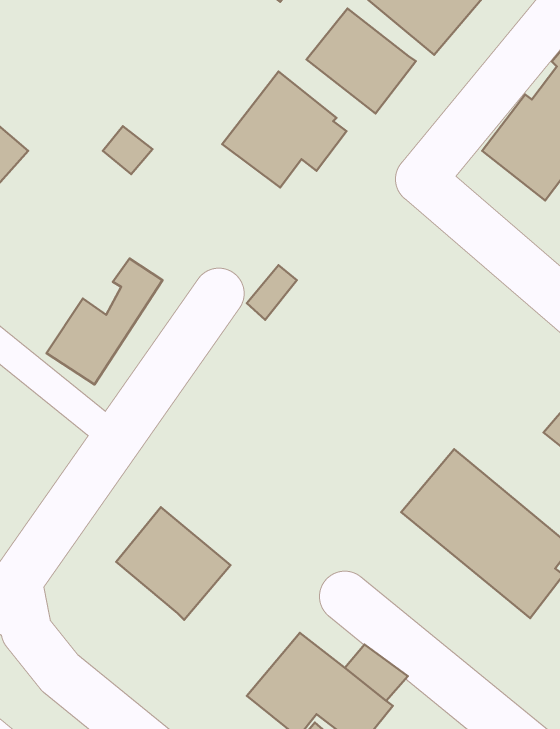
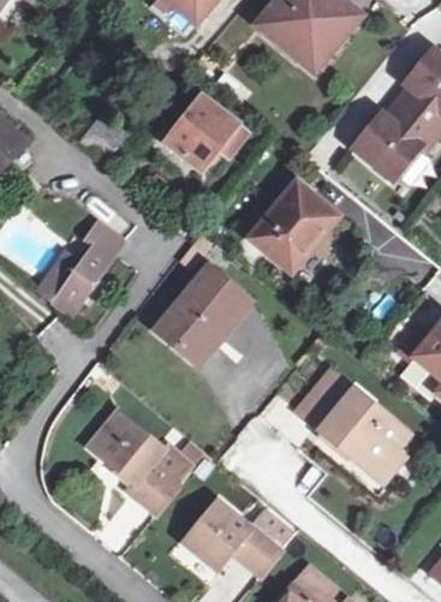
building: [307,9,416,114] -> none
building: none -> [246,174,345,275]
building: none -> [151,258,258,369]
building: none -> [125,440,197,515]

